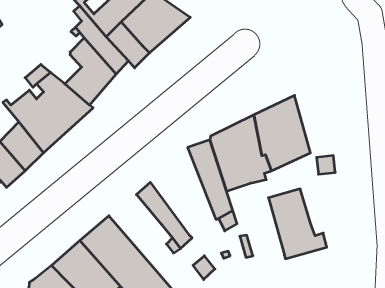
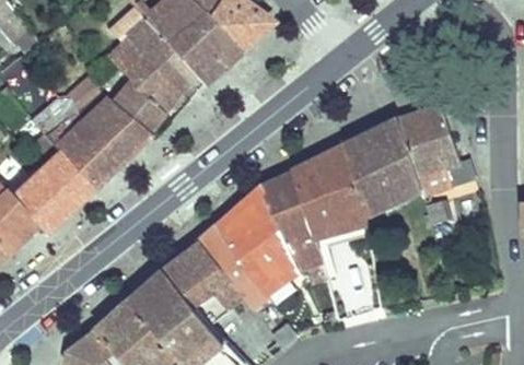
building: none -> [218,185,299,293]
building: [268,189,327,259] -> [396,109,468,196]
building: none -> [166,243,240,341]

